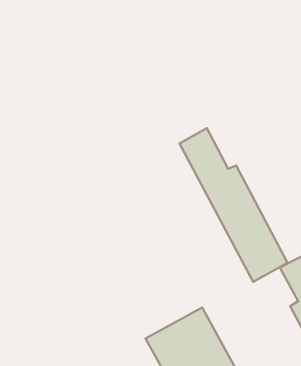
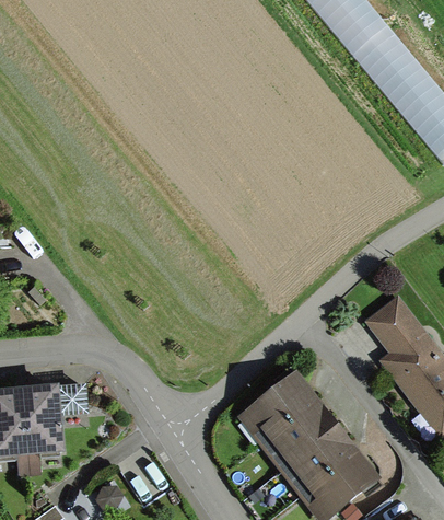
building: [180,128,288,282] -> none

